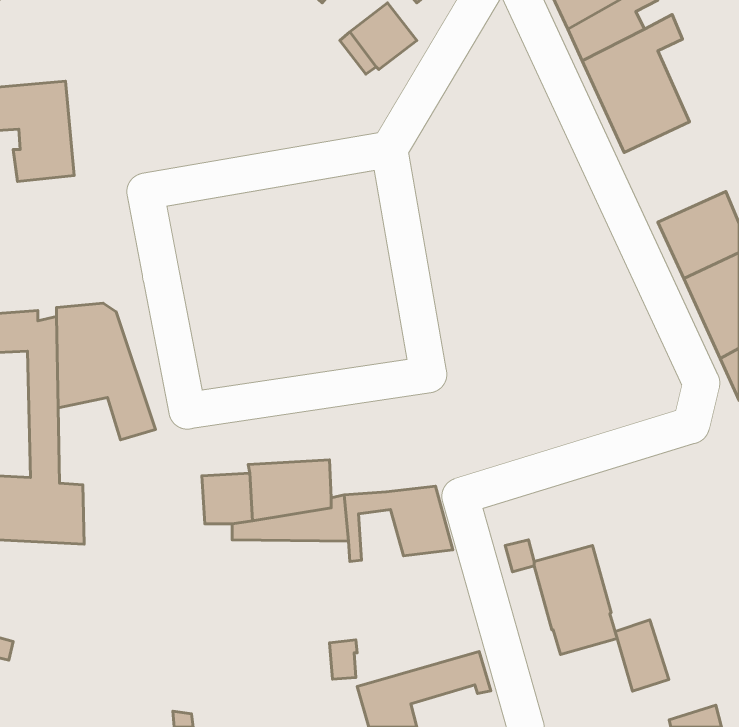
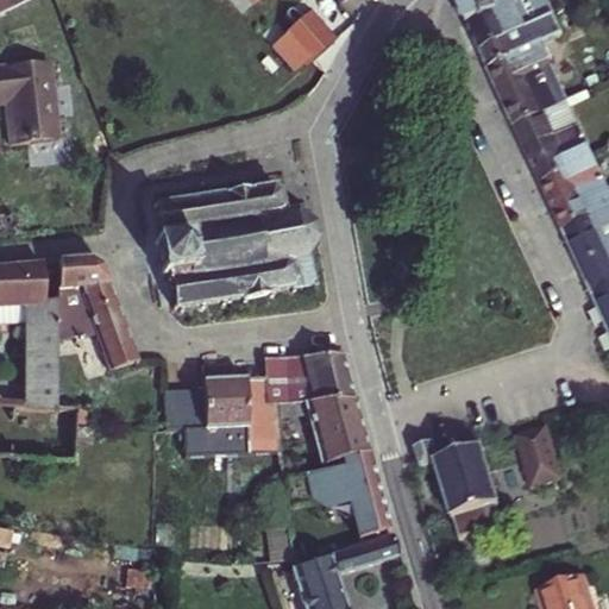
building: none -> [511,100,595,182]
building: none -> [157,176,320,312]
building: none -> [270,353,357,408]
building: none -> [287,451,391,535]
building: [615,620,669,691] -> [519,427,563,485]

